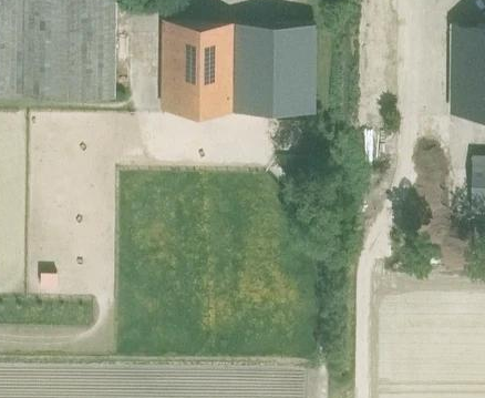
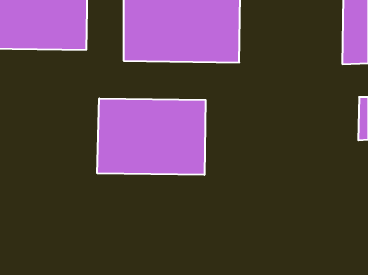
building: none -> [97,98,206,175]

